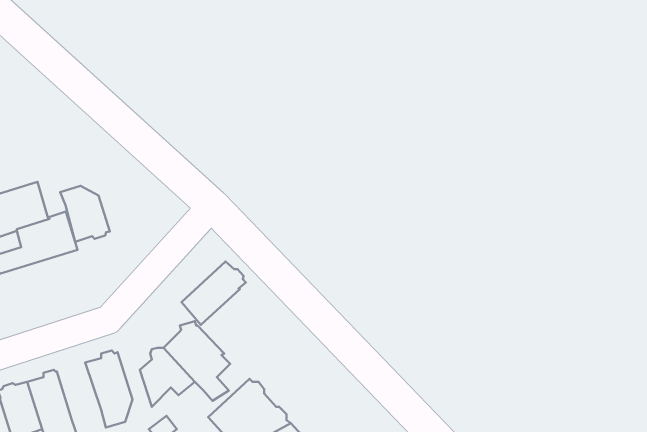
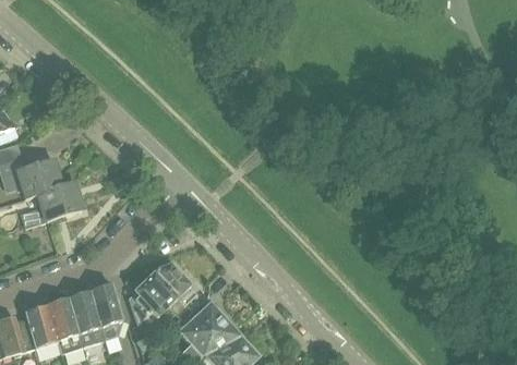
building: [60,186,110,242] -> none
building: [181,261,246,325] -> none
building: none -> [68,292,100,334]

